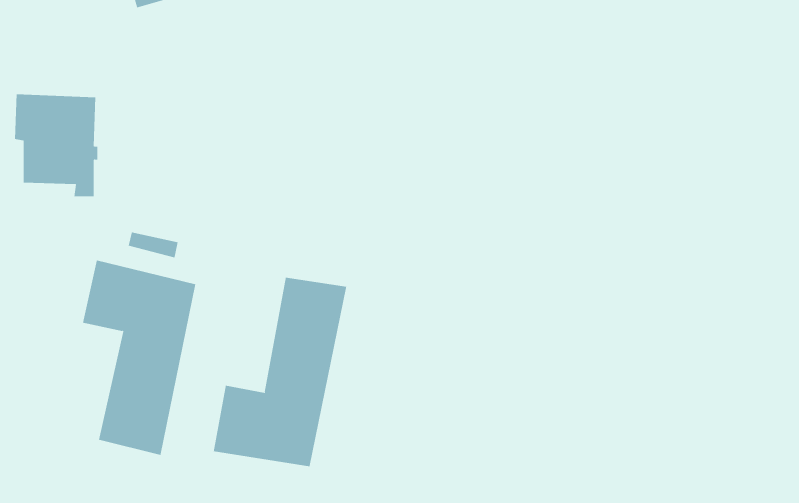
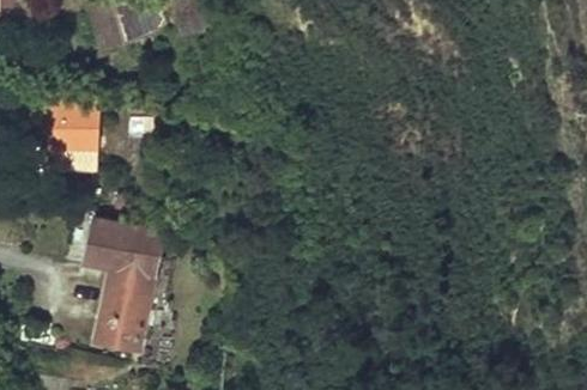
building: [213,277,347,467] -> none

